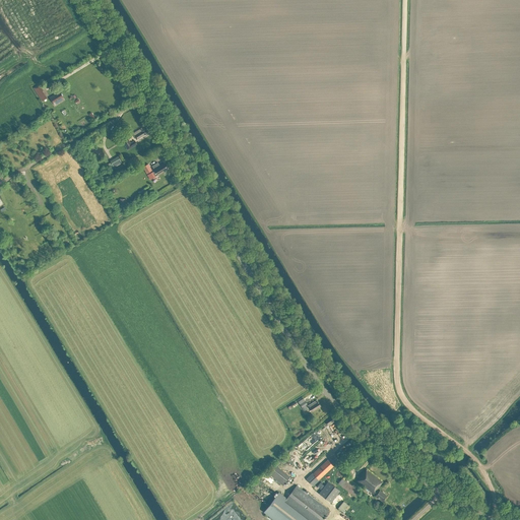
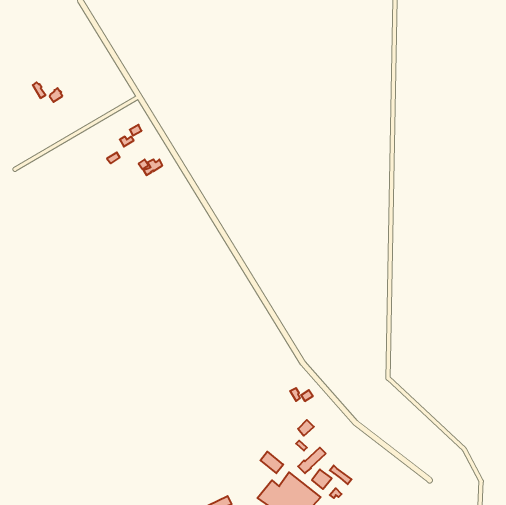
building: [358,470,387,502] -> none

